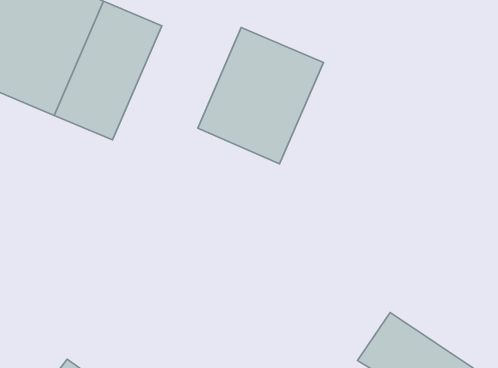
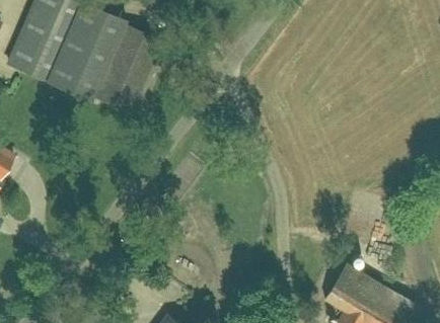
building: [198,27,323,164] -> none

